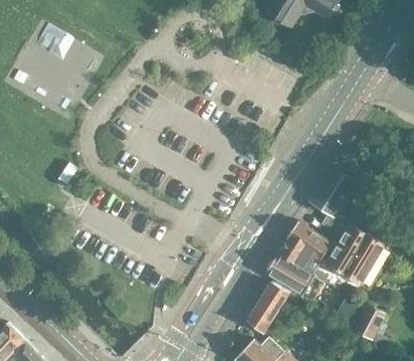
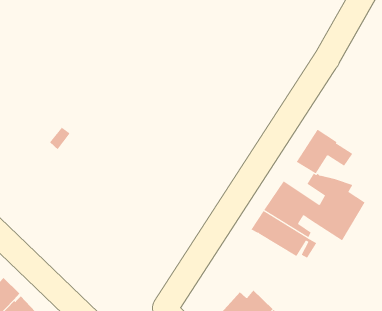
building: [246,283,288,335] -> none
building: [354,305,385,342] -> none

